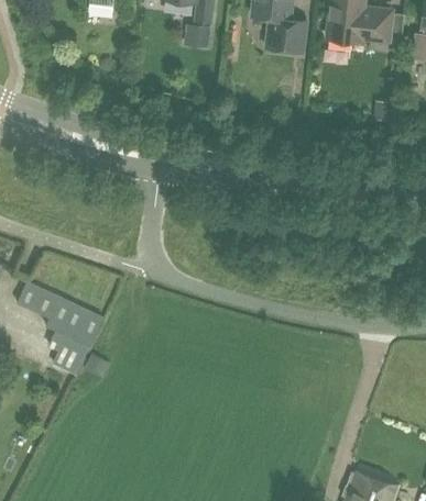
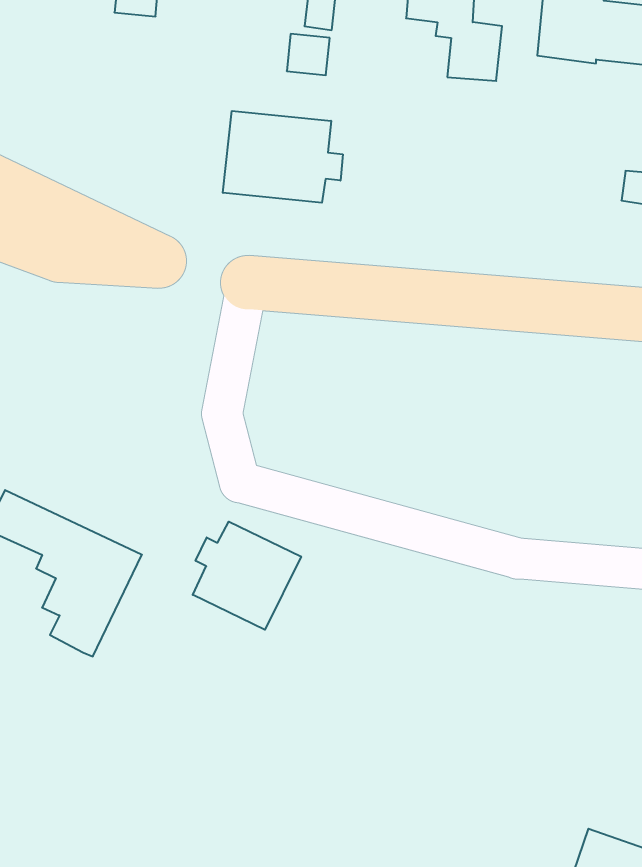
building: none -> [223,111,343,203]
building: none -> [193,522,301,630]

